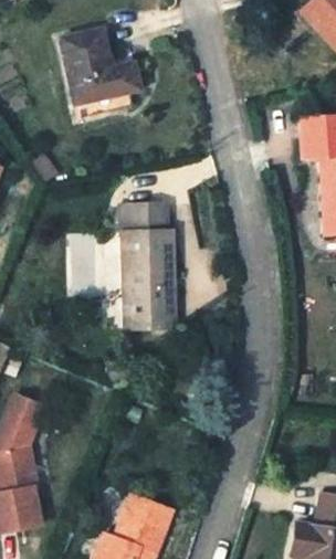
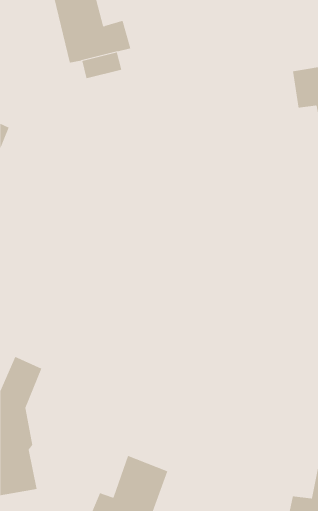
building: [126,214,175,331] -> none

